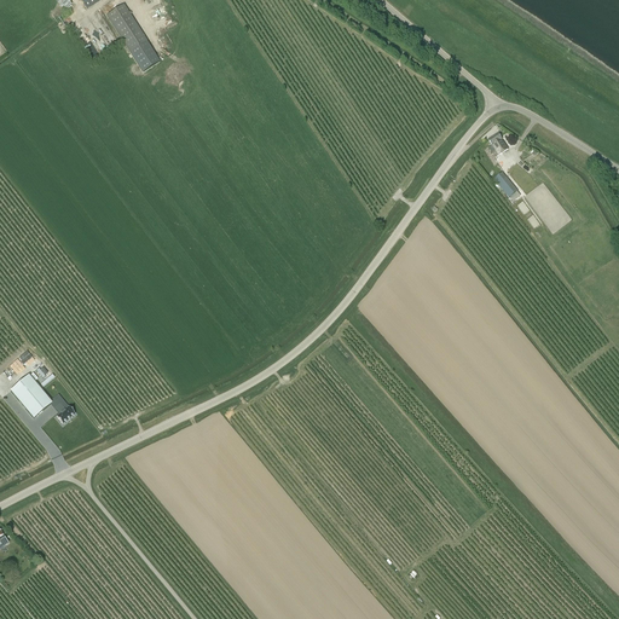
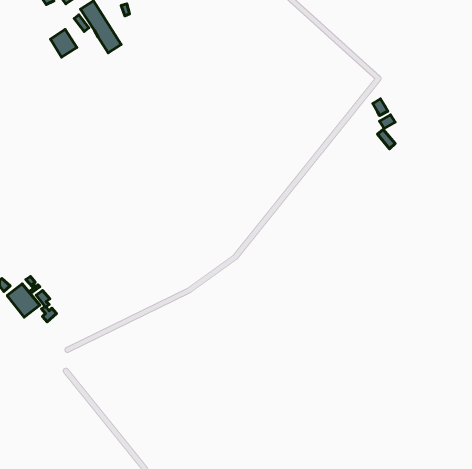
building: none -> [51,30,77,57]

